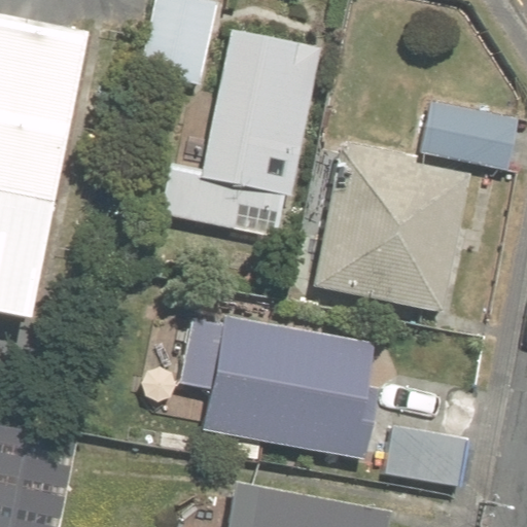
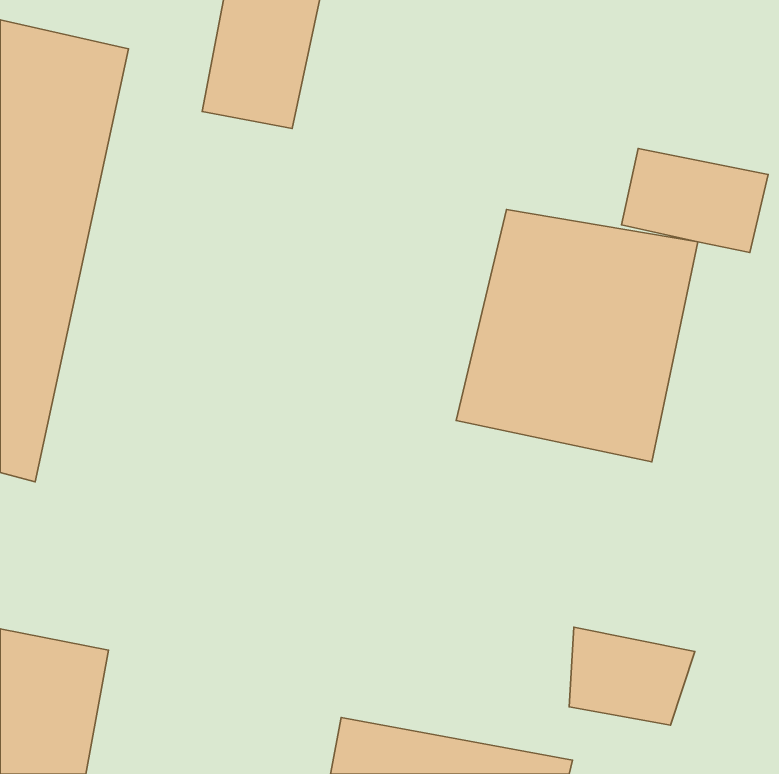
building: [159,34,320,241] -> none
building: [177,315,368,459] -> none

